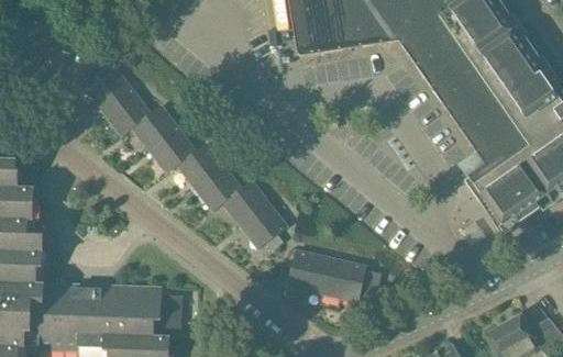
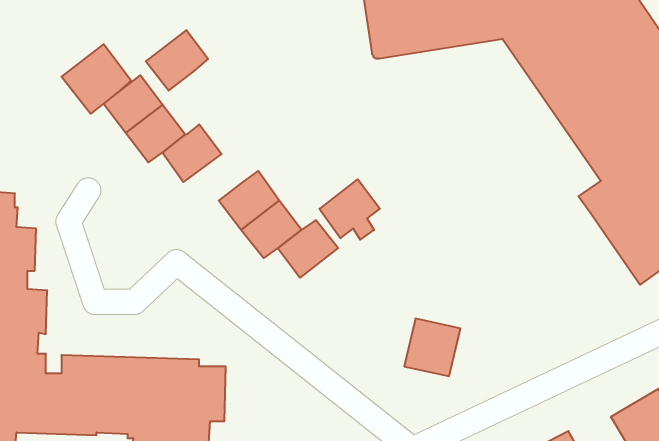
building: none -> [146,30,208,91]
building: none -> [61,44,131,114]
building: [150,130,196,174] -> none
building: [241,203,288,250] -> [319,179,380,240]
building: [287,250,331,295] -> none

